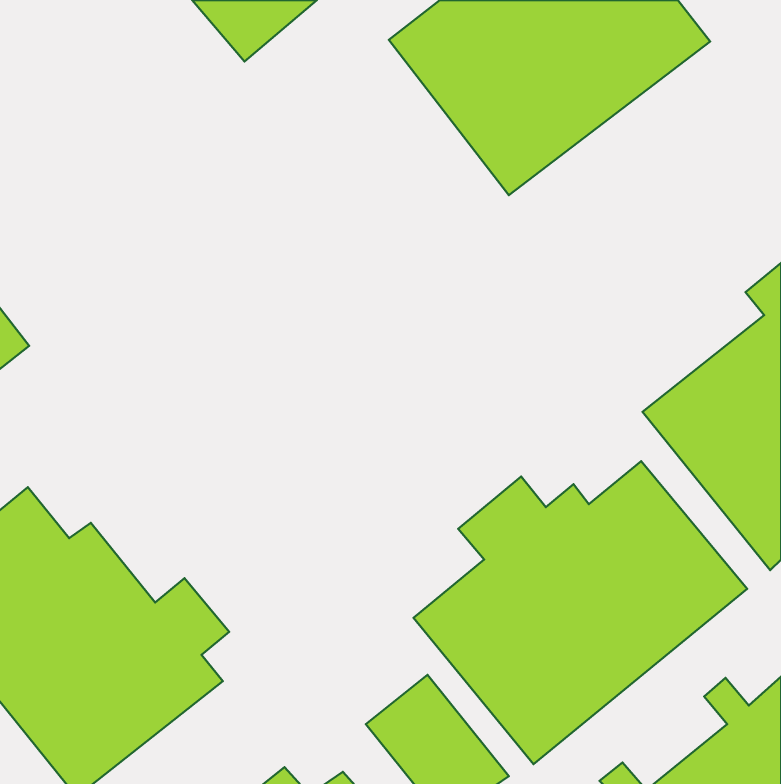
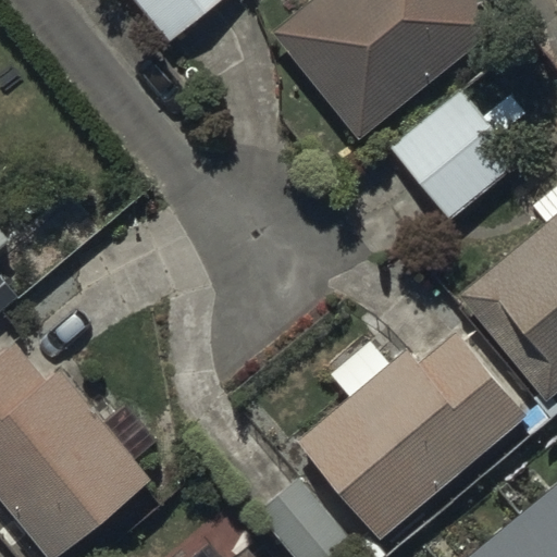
building: none -> [395,85,530,220]

